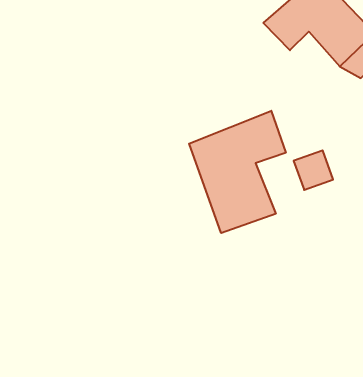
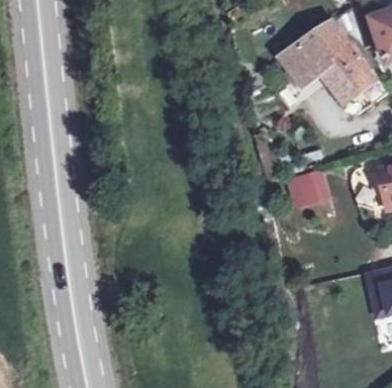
building: [189,111,286,233] -> none

